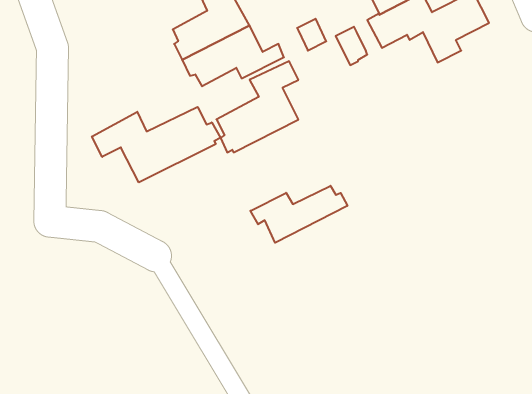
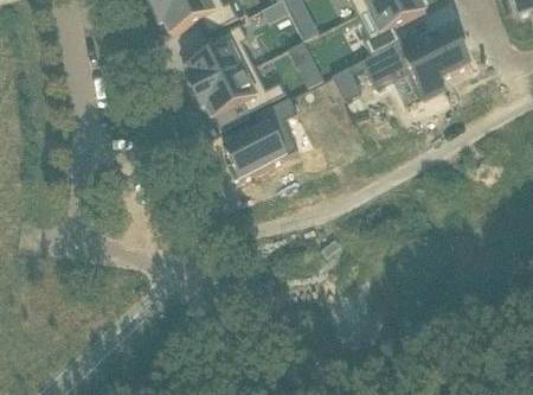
building: [92,107,220,182] -> none
building: [250,186,347,243] -> none

